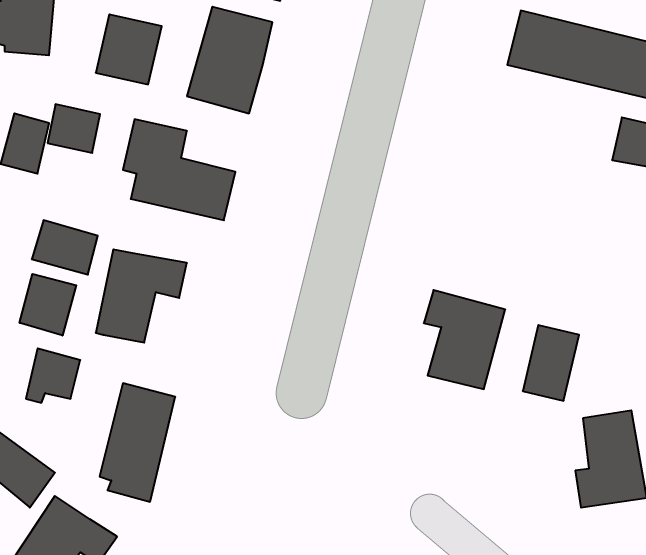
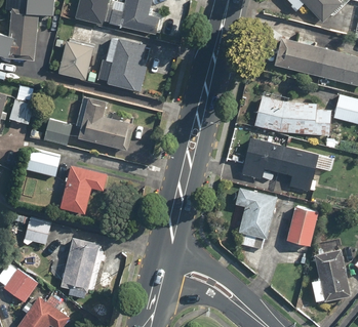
building: [48,104,100,153] -> [44,119,72,145]
building: none -> [254,98,329,136]
building: none -> [242,137,328,192]
building: [20,274,76,336] -> none

